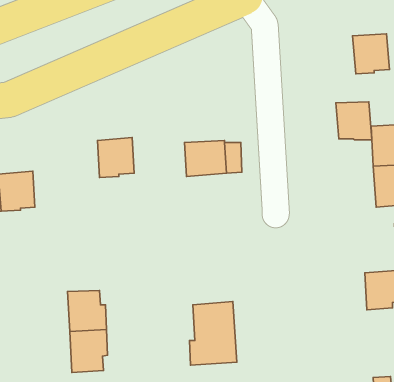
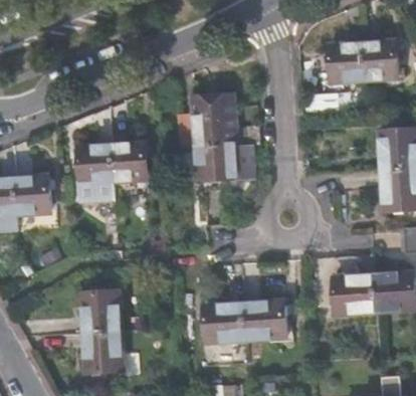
building: none -> [178,94,236,148]
building: [336,102,372,140] -> [330,42,365,79]
building: none -> [77,145,116,202]
building: none -> [334,274,376,313]
building: none -> [244,301,285,340]

